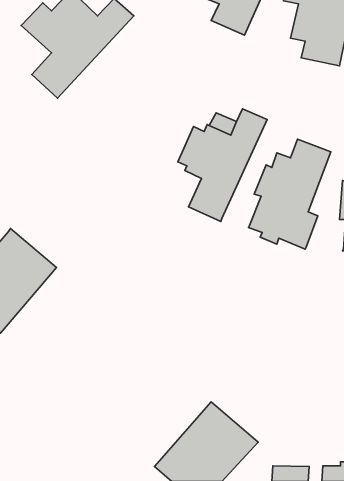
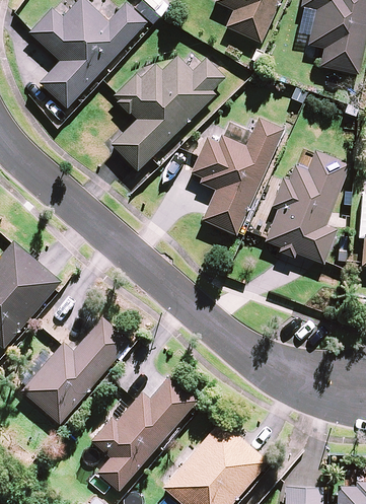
building: none -> [108,55,224,170]
building: none -> [23,317,134,425]
building: none -> [92,376,201,492]

